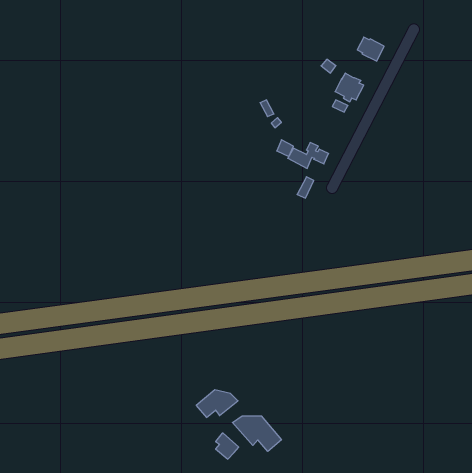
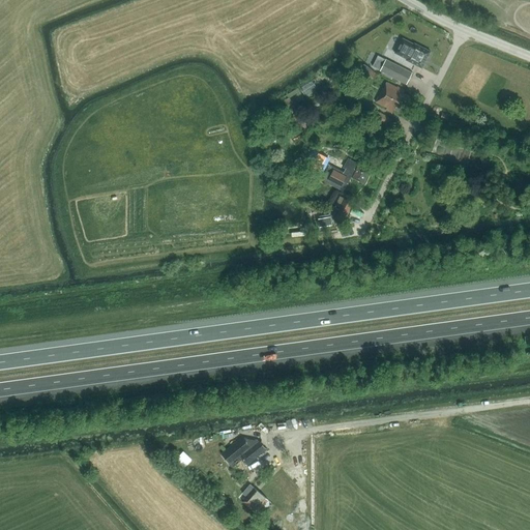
building: none -> [373,55,411,85]
building: [232,416,281,451] -> none

